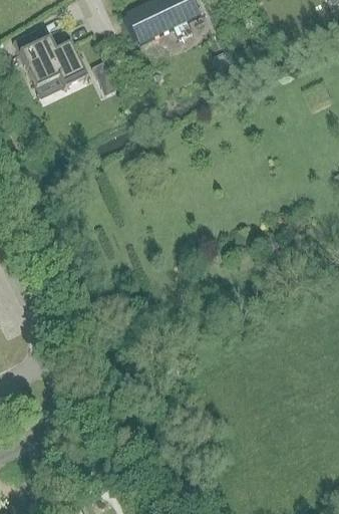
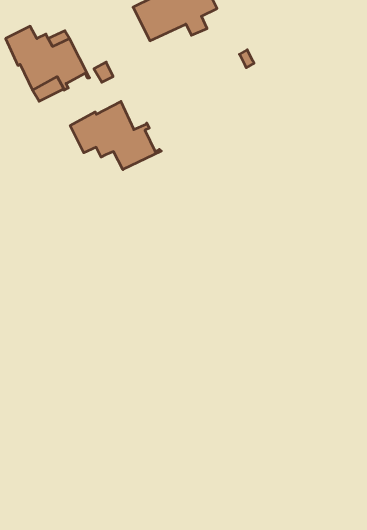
building: none -> [70,101,161,170]

